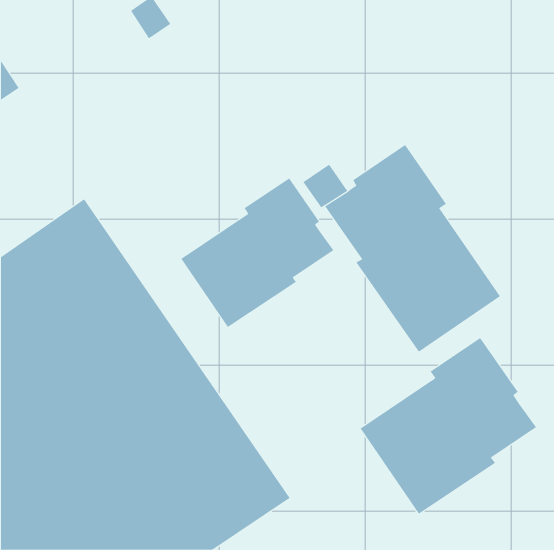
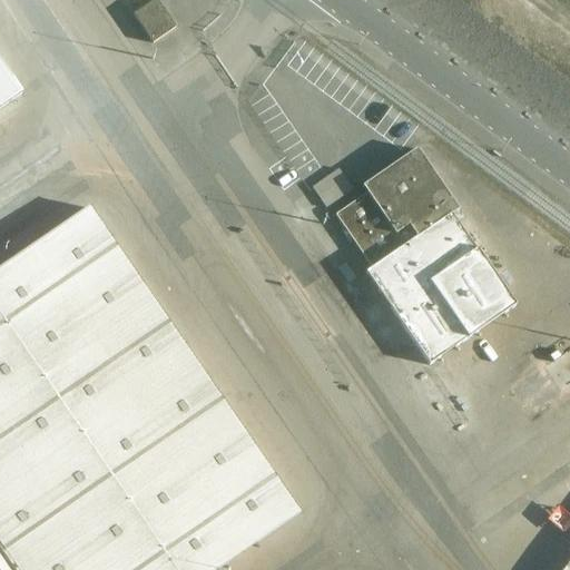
building: [180,177,334,328] -> none
building: [360,337,537,514] -> none

